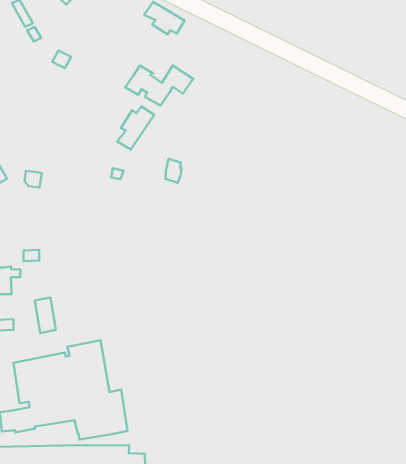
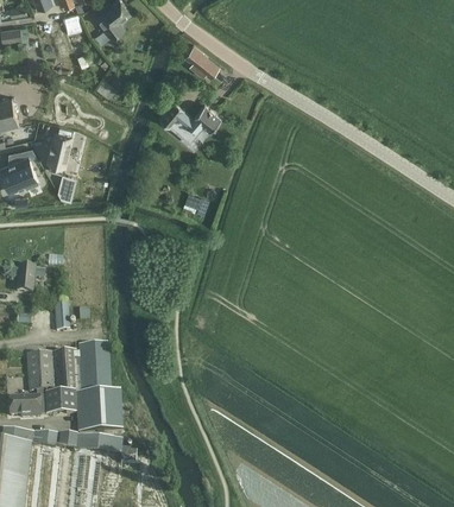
building: [117,107,154,149] -> none
building: none -> [45,128,72,173]

